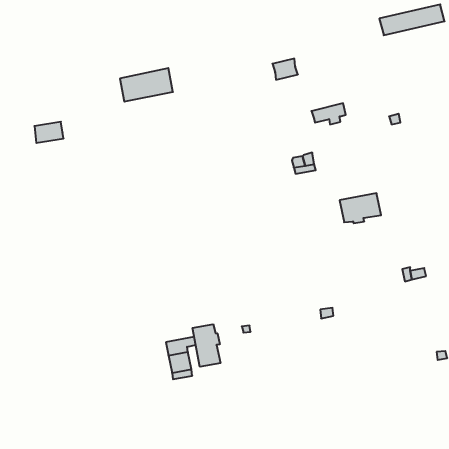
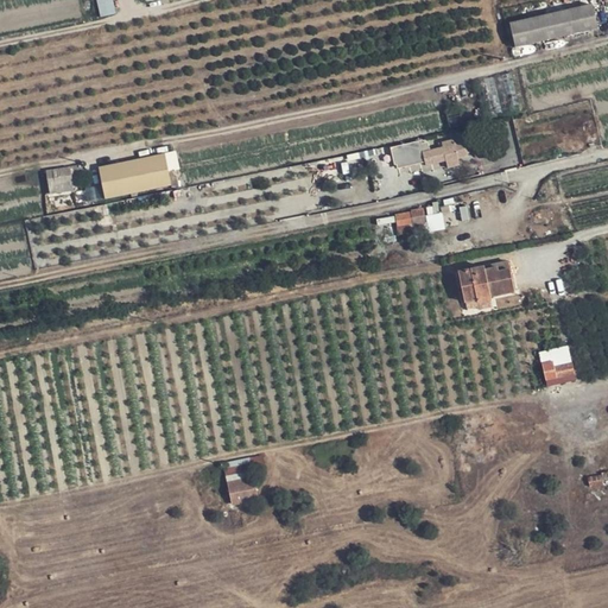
building: [272,59,298,80] -> [388,139,423,167]
building: [120,68,173,102] -> [100,152,171,197]
building: [193,324,220,367] -> none

